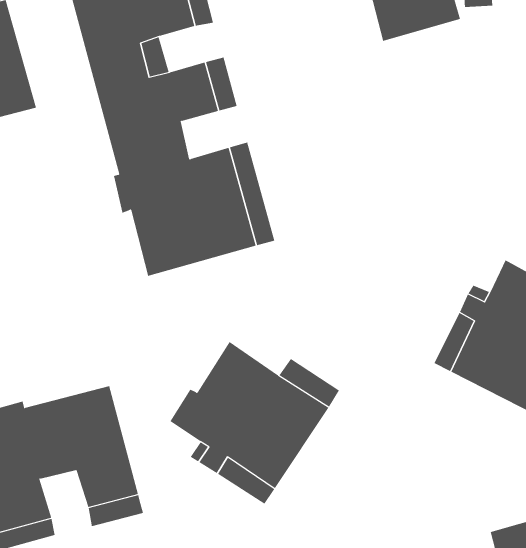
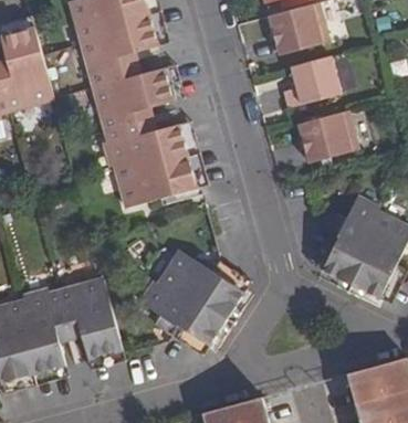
building: none -> [283,55,339,107]
building: none -> [302,108,365,166]

